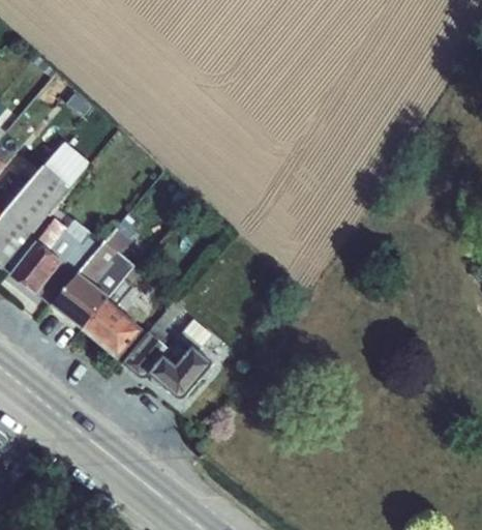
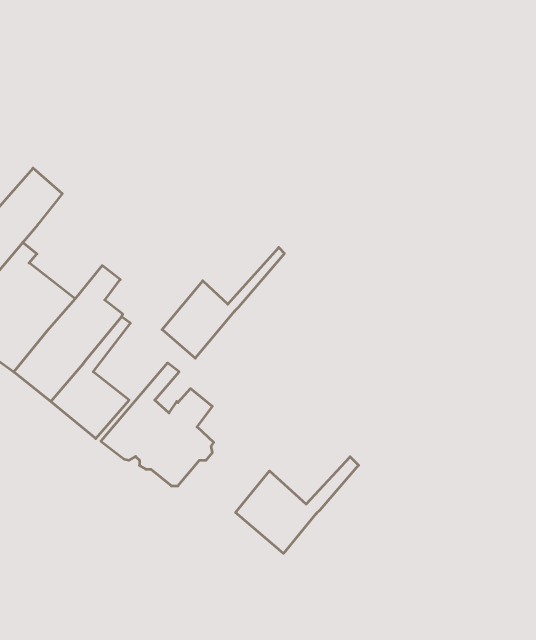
building: none -> [162,247,284,358]
building: none -> [236,457,359,553]

